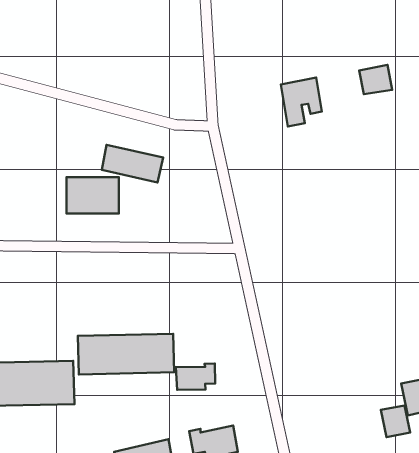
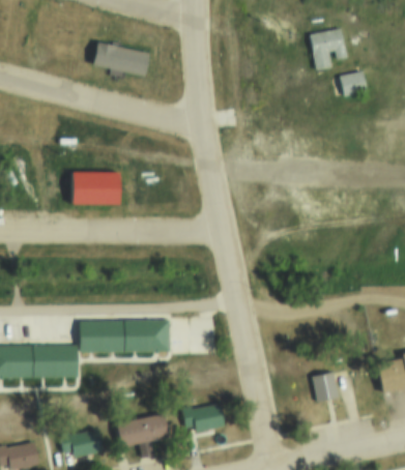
building: [281,78,322,126] -> [310,29,347,74]
building: [102,145,163,182] -> [94,40,150,75]
building: [176,364,215,390] -> none
building: [381,405,410,437] -> [313,371,340,400]

